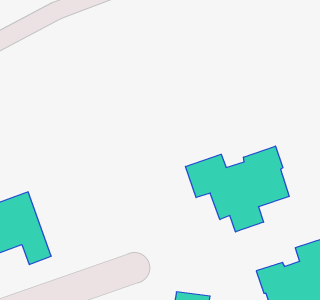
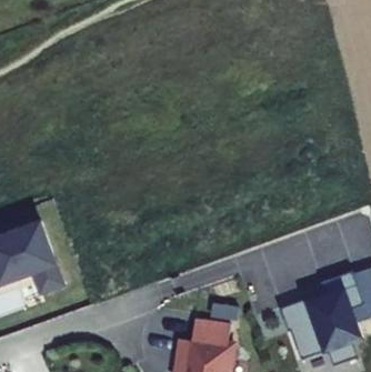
building: [186,146,289,232] -> none

